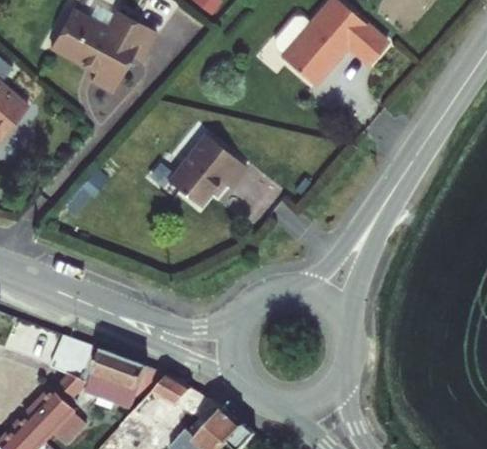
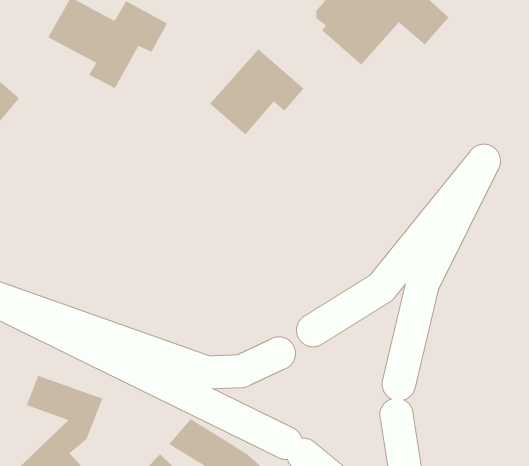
building: [170,139,251,213] -> [209,48,304,135]
building: [90,353,171,411] -> none

